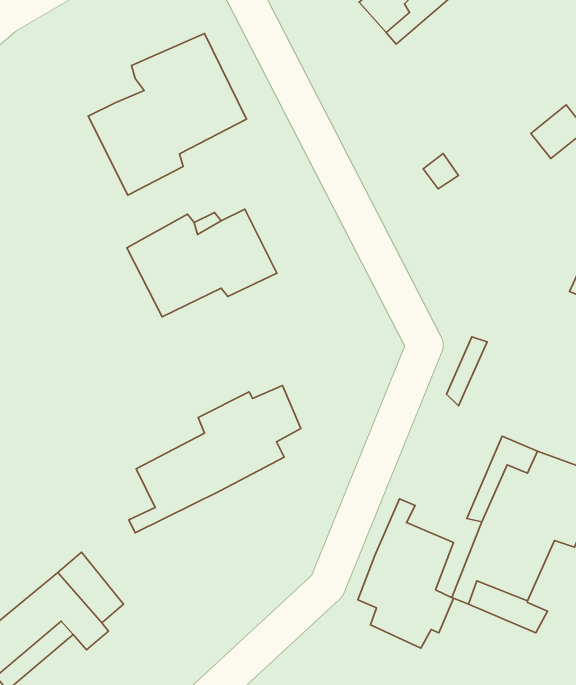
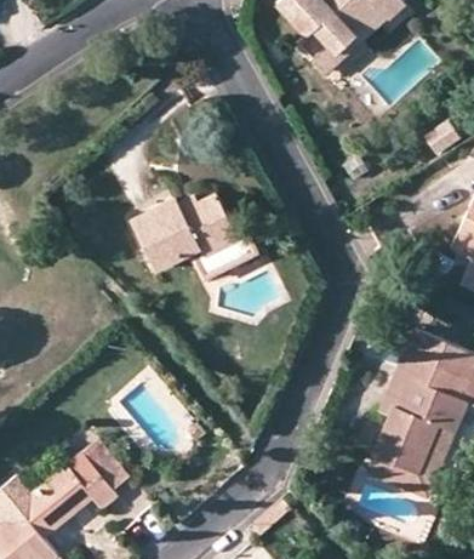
building: [88,33,246,195] -> none
building: [129,385,301,533] -> none
building: [358,499,453,648] -> none

